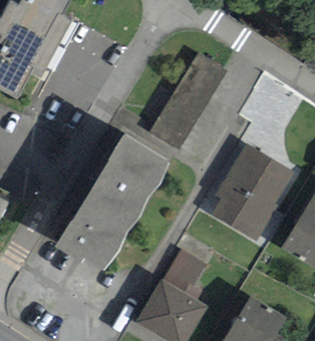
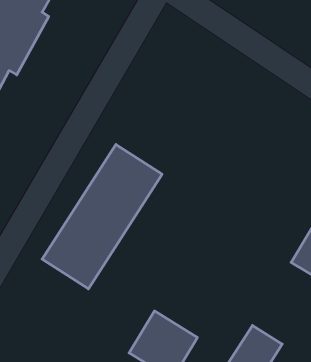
building: [152,56,218,141] -> none
building: [214,152,285,232] -> none
building: [172,249,211,285] -> none

